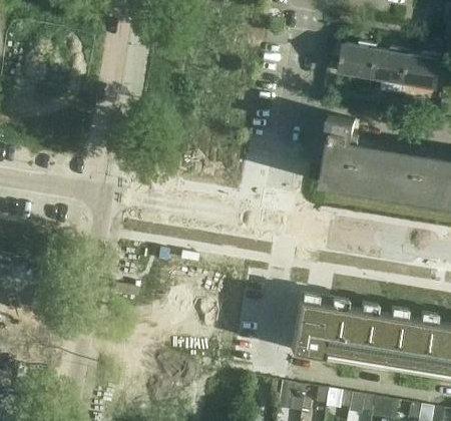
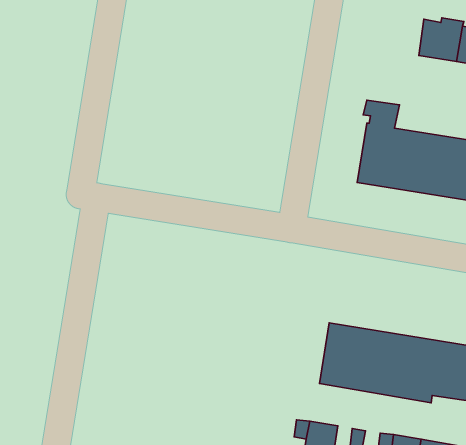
building: [340,44,378,81] -> none

